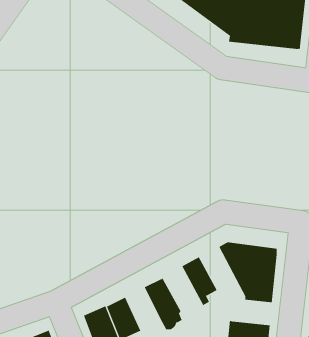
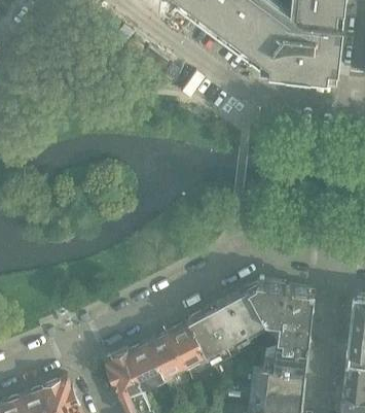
building: none -> [227,287,269,334]
building: none -> [188,308,231,360]
building: none -> [149,331,187,377]
building: none -> [263,344,305,371]

